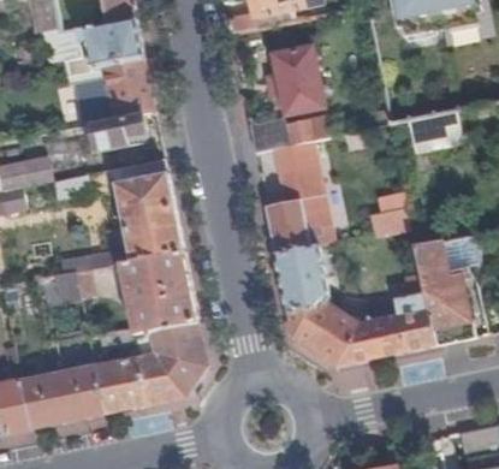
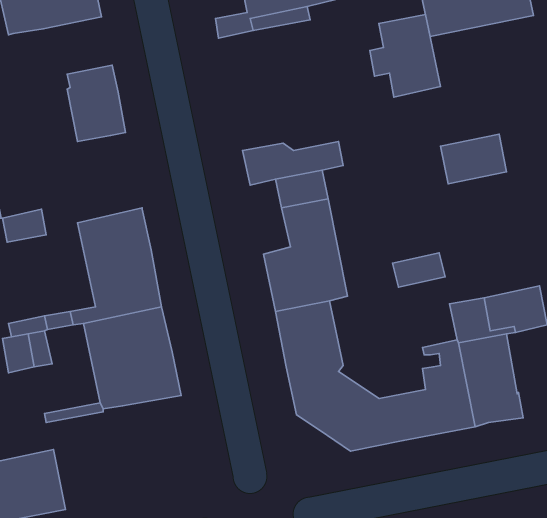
building: [63,18,142,84] -> none
building: [266,49,322,115] -> [370,15,440,97]
building: [84,113,145,150] -> none
building: [95,321,207,412] -> none

